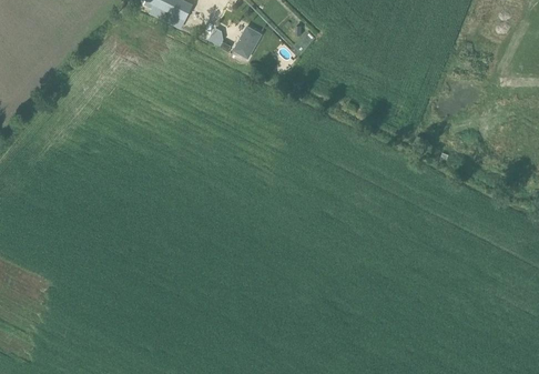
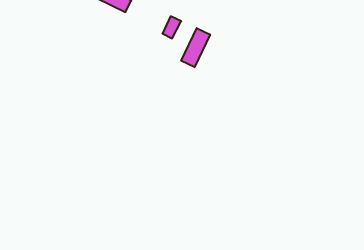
building: none -> [181,28,210,67]

